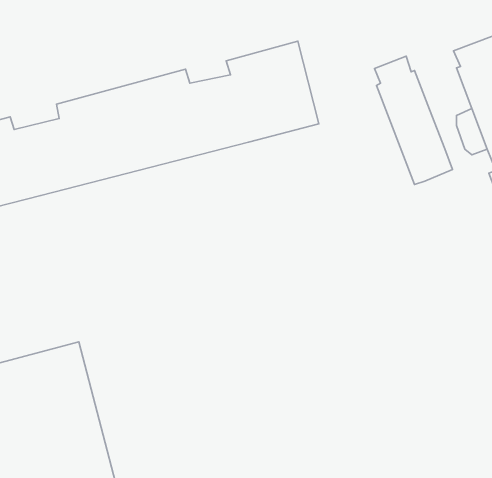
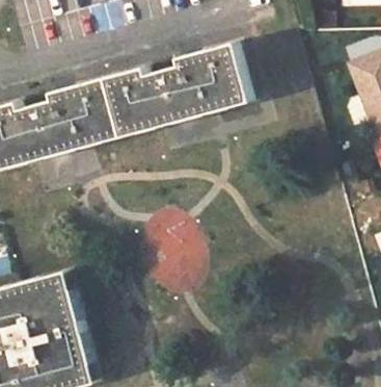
building: [375,56,452,184] -> none

